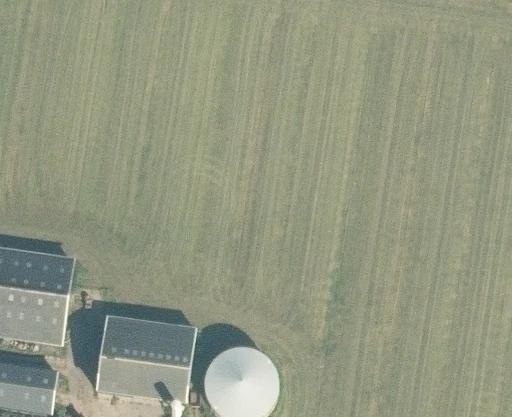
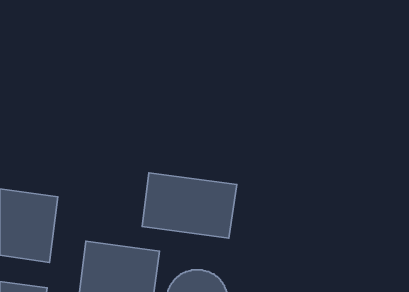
building: none -> [142,173,237,238]

